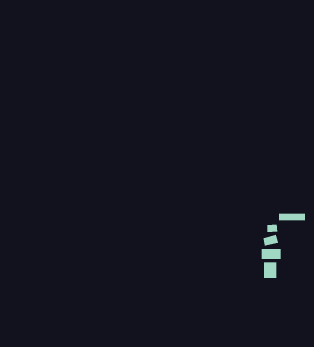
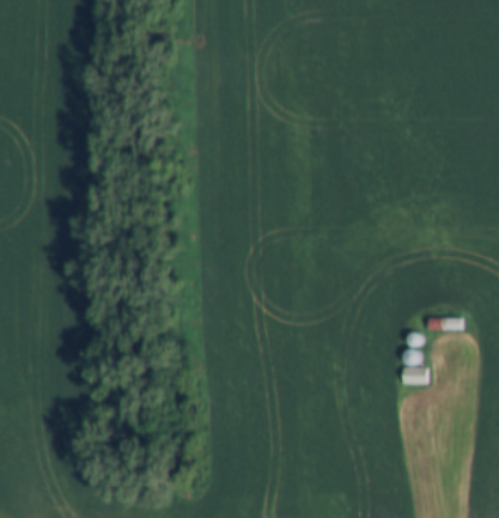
building: [263,261,277,279] -> none

